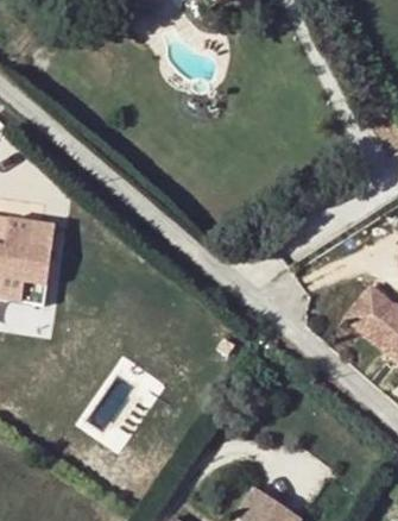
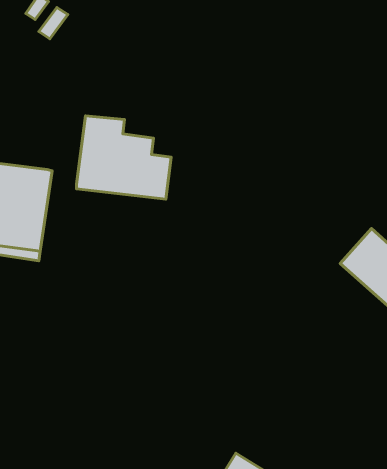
building: none -> [76,116,171,199]

